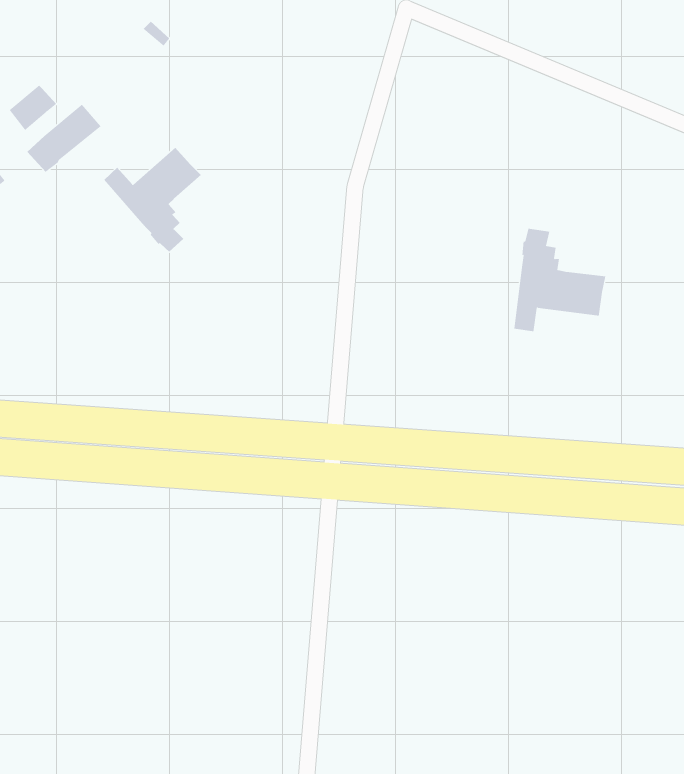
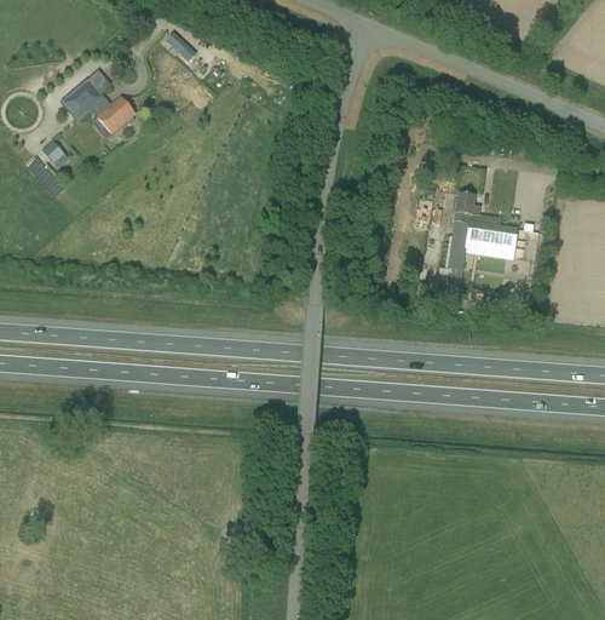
building: [103,147,202,252] -> none

